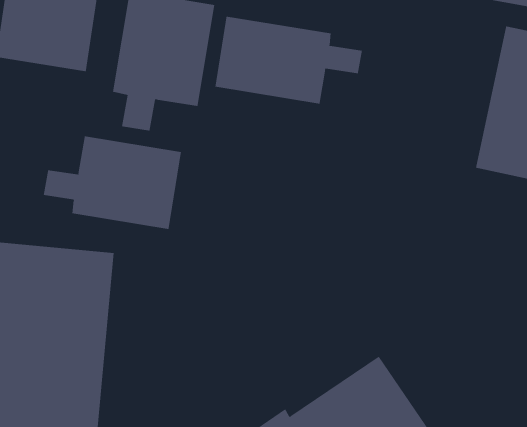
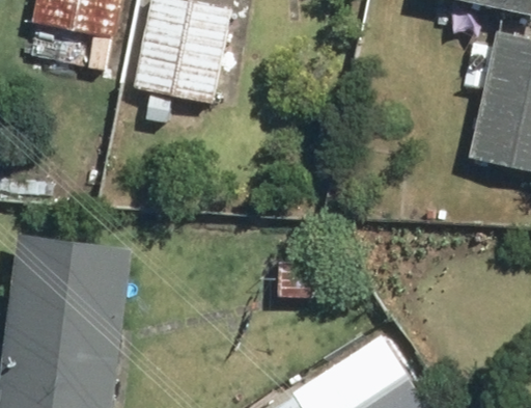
building: [215,16,362,104] -> none
building: [43,135,181,230] -> none

